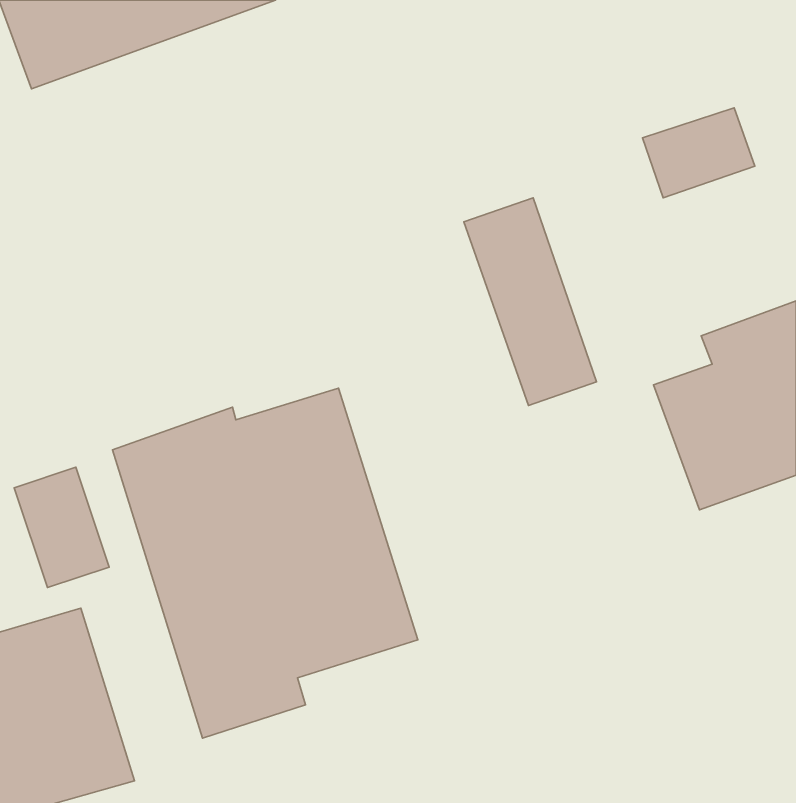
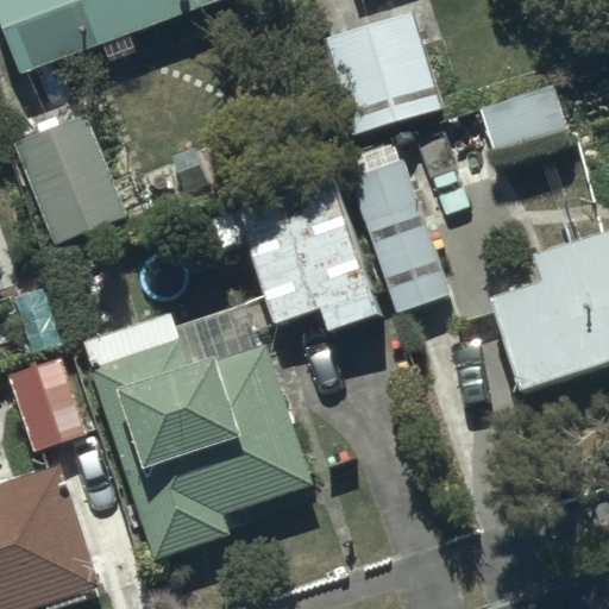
building: none -> [322,12,445,136]
building: none -> [15,118,124,247]
building: none -> [232,174,381,329]

